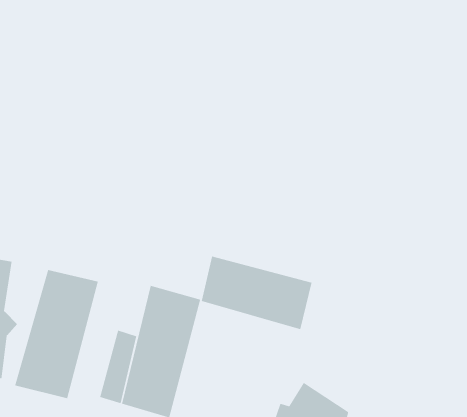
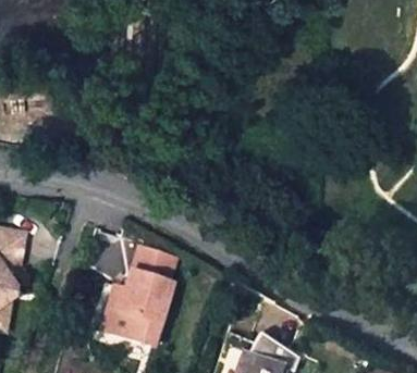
building: [201,256,313,330] -> none
building: [14,269,99,399] -> none

